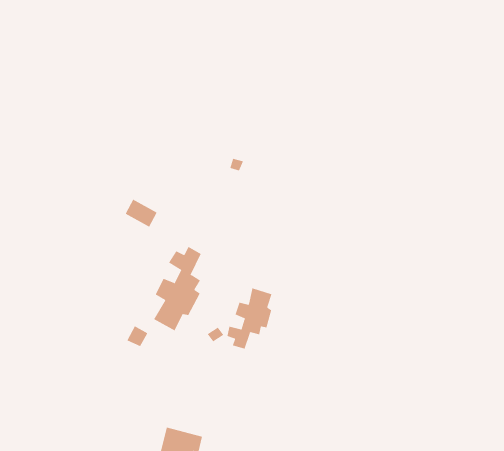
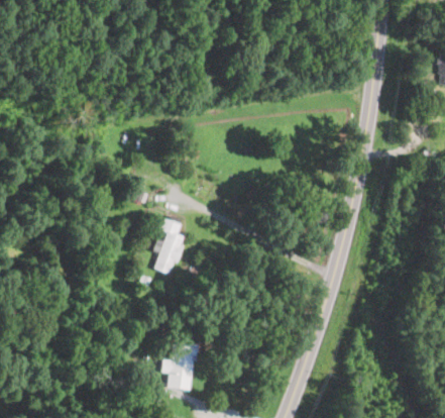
building: [227,288,272,349] -> none

